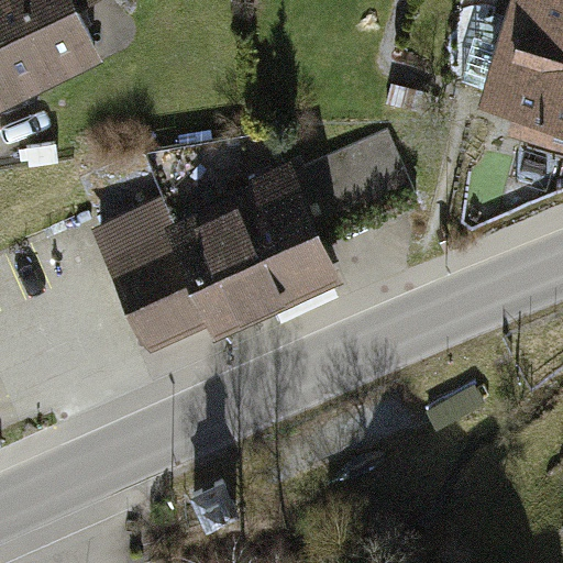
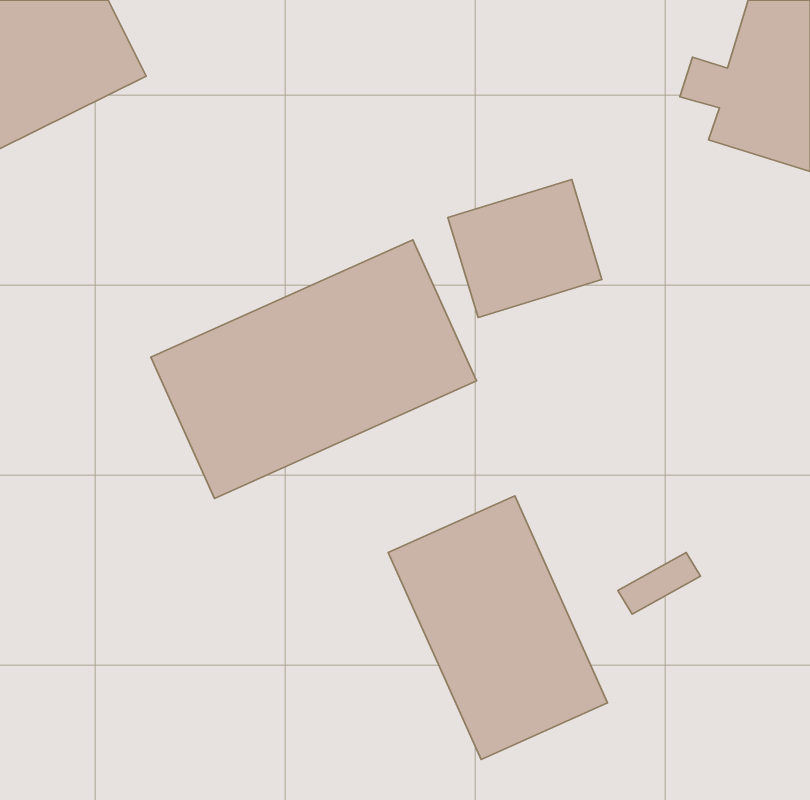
building: none -> [388,496,608,759]

